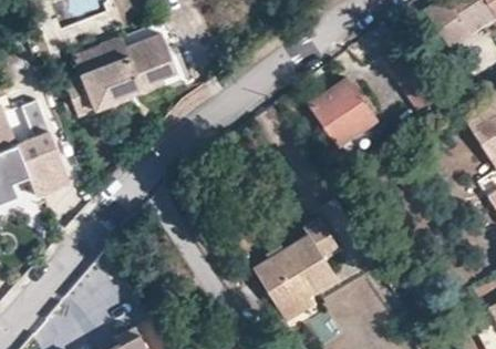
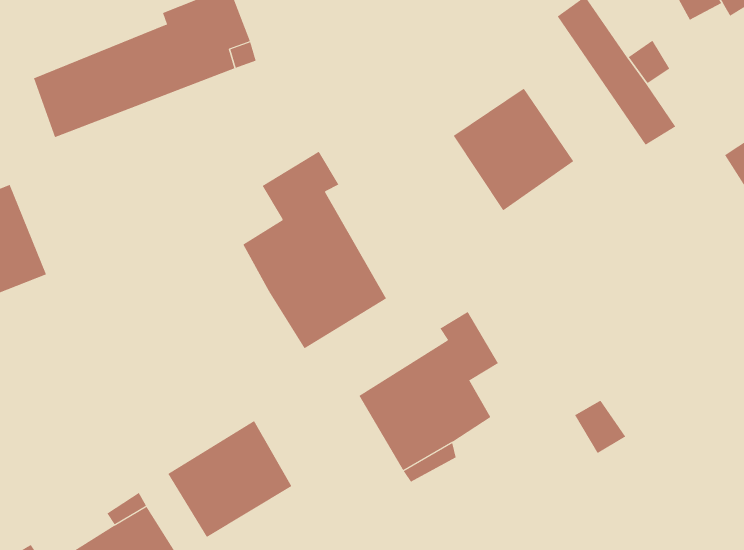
building: none -> [242,151,387,349]
building: none -> [168,420,292,538]

